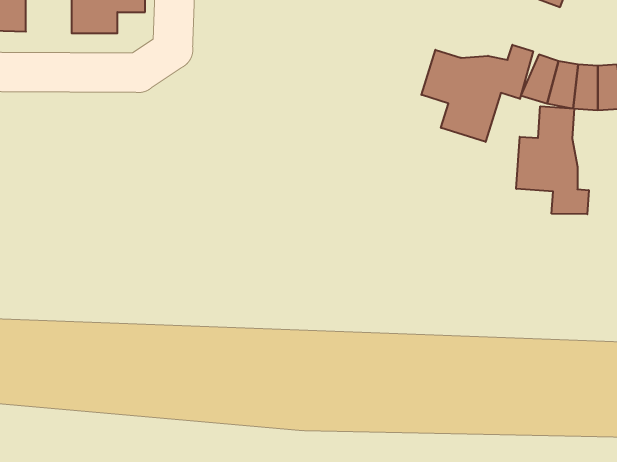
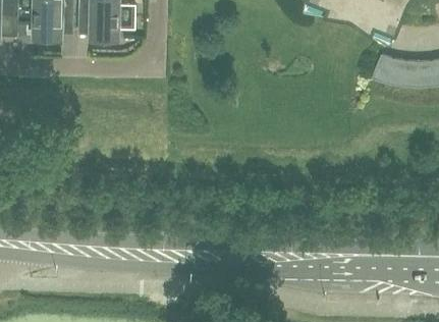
building: [421,45,533,142] -> none
building: [516,106,589,214] -> none

